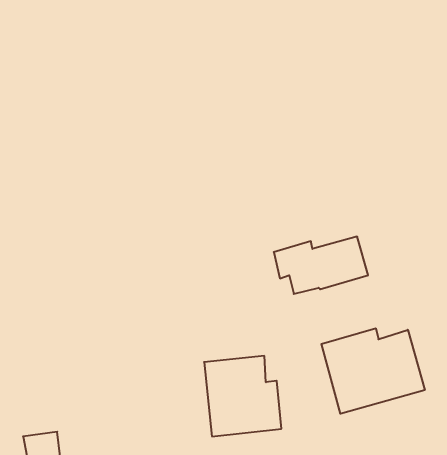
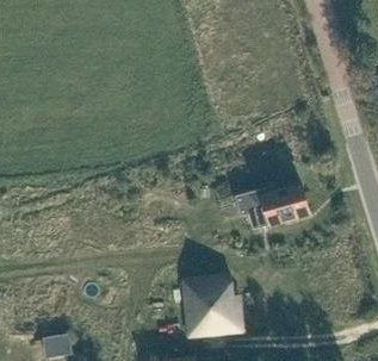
building: [321,328,425,414] -> none

